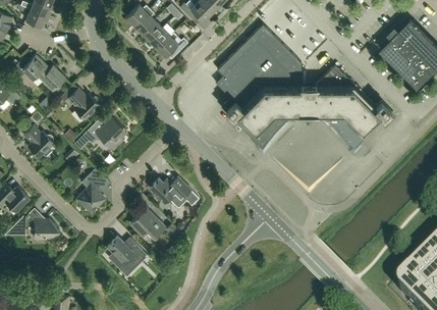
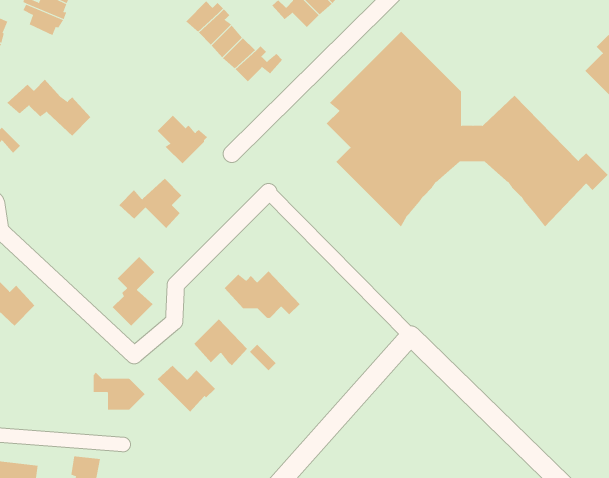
building: [68,88,101,119] -> [157,115,208,164]
building: [23,125,53,157] -> none
building: [25,214,59,239] -> [93,372,145,410]

